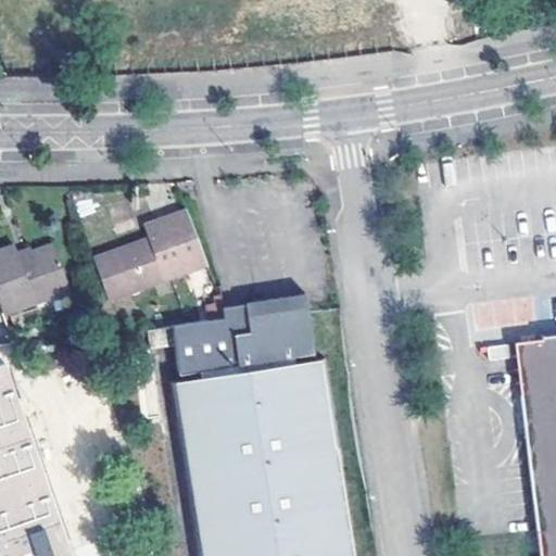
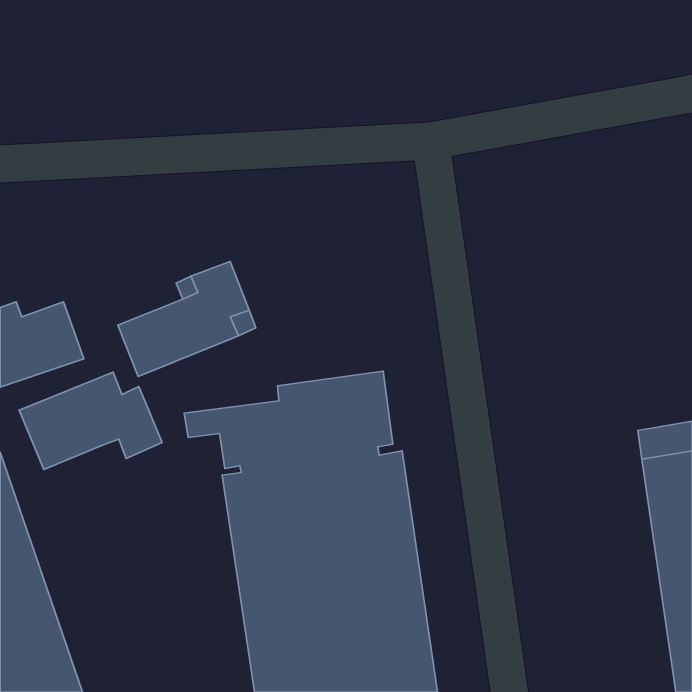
building: none -> [19,372,162,470]

